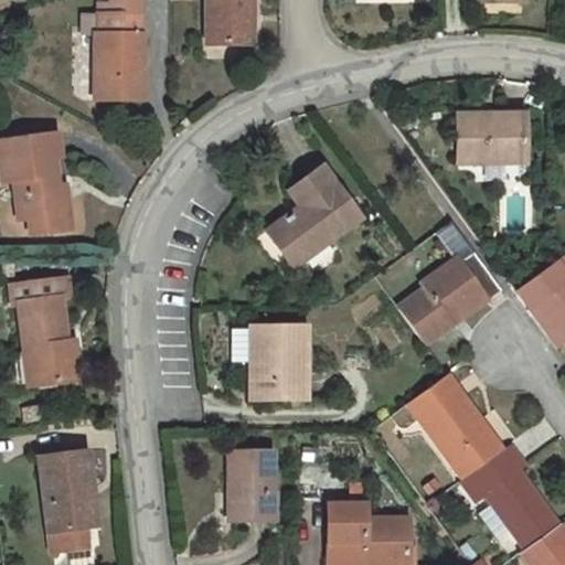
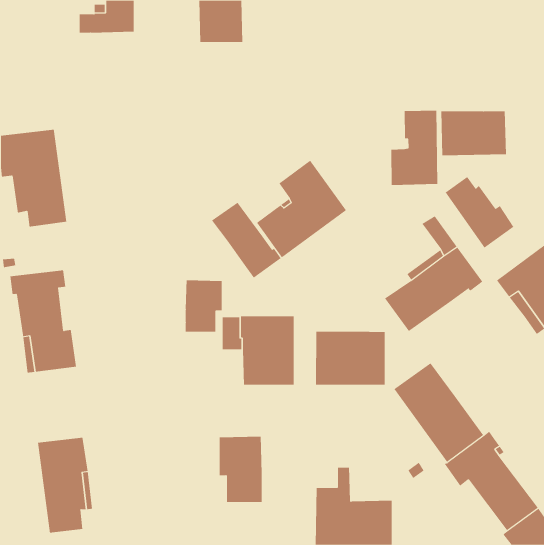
building: [95,33,143,100] -> none
building: none -> [391,110,438,186]
building: none -> [445,176,514,248]
building: none -> [211,202,282,278]
building: none -> [185,280,222,333]
building: none -> [315,331,385,385]

